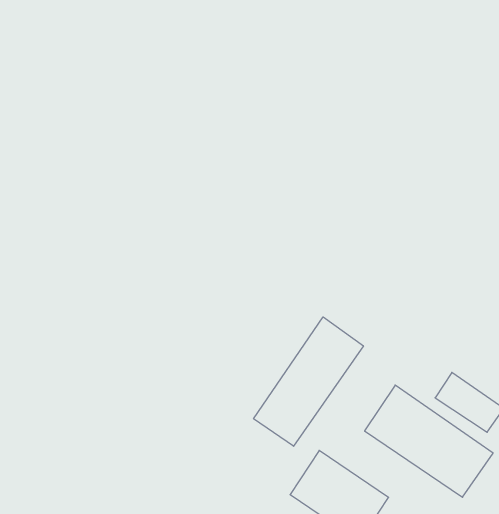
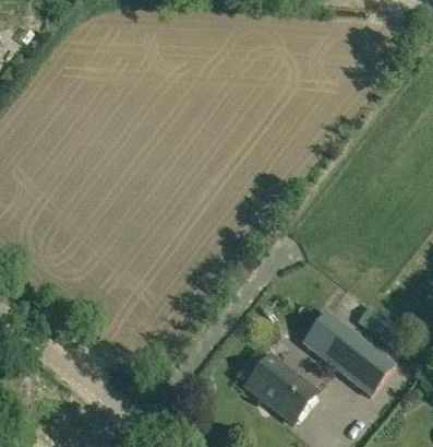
building: [254,317,363,446] -> none

